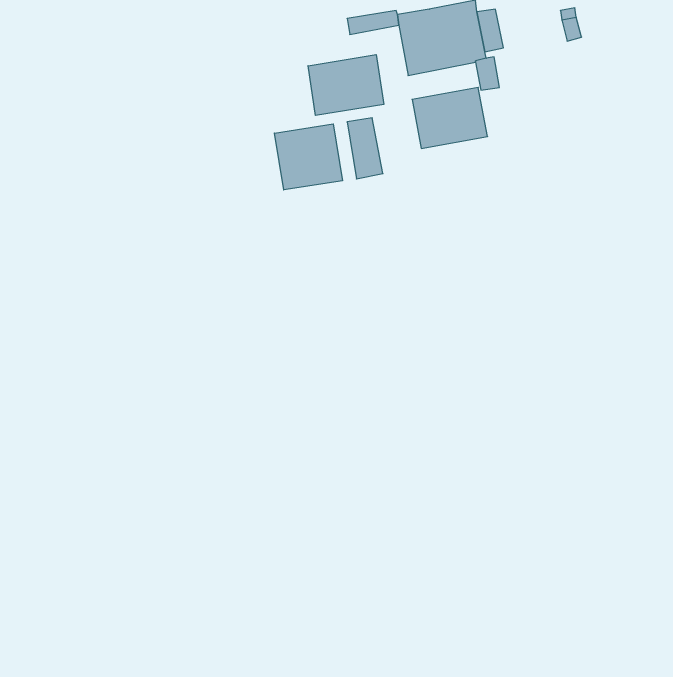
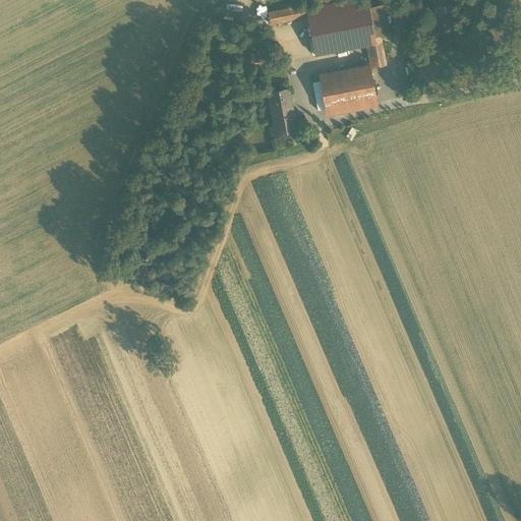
building: [308,55,384,115] -> none
building: [274,124,342,190] -> none

